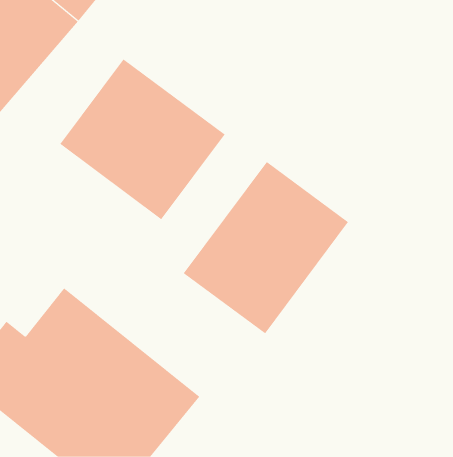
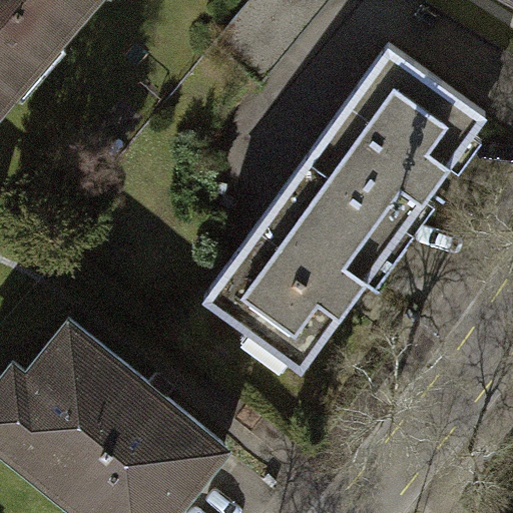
building: none -> [298,55,484,248]
building: [60,58,225,220] -> none

